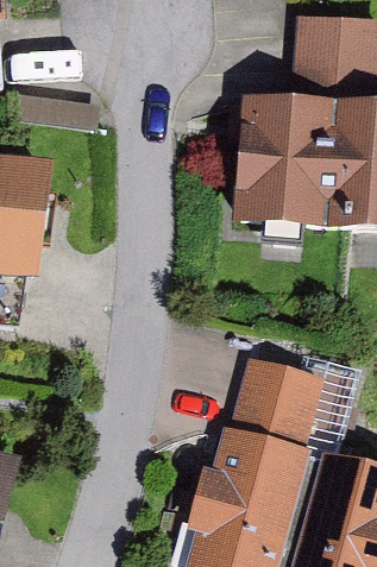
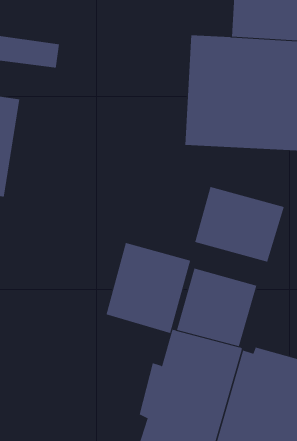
building: none -> [195,186,284,262]
building: none -> [106,242,191,334]

